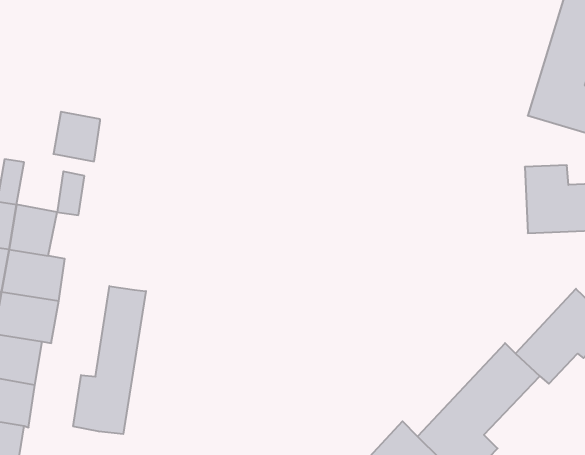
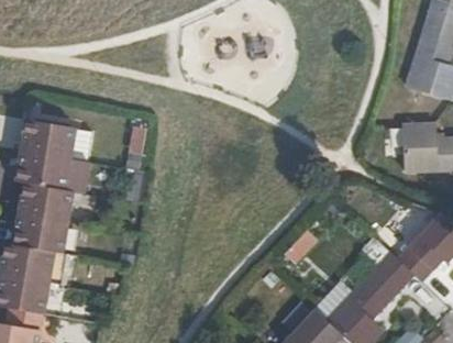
building: [53,112,100,161] -> [34,120,68,156]
building: [73,286,146,434] -> none

